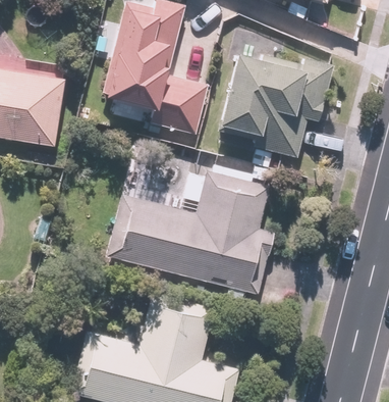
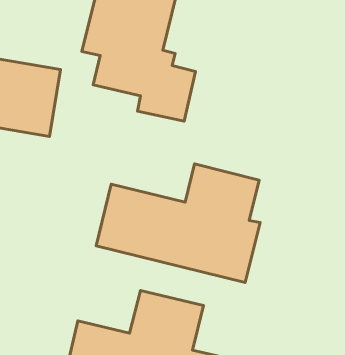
building: [221,53,332,159] -> none

